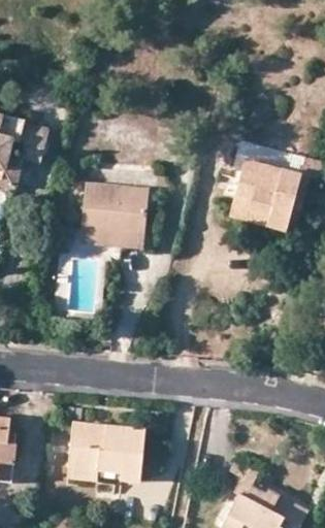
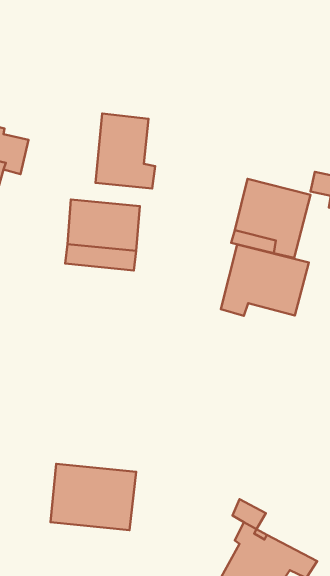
building: none -> [95,114,155,188]
building: none -> [221,244,309,316]

